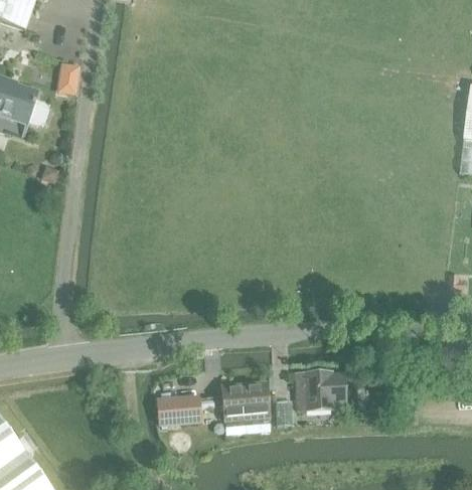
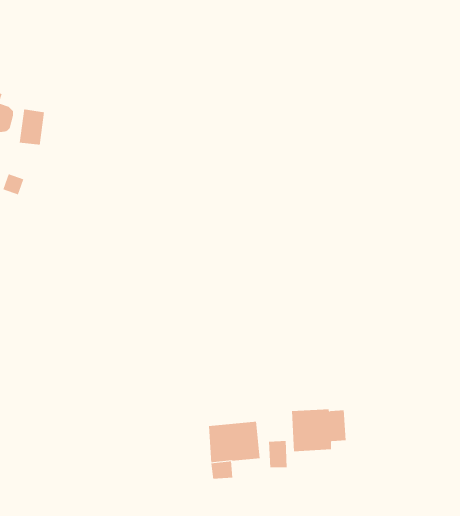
building: [56,60,80,93] -> [19,109,45,145]
building: [157,391,201,424] -> none

